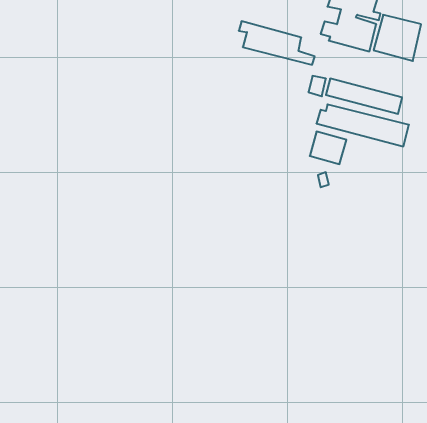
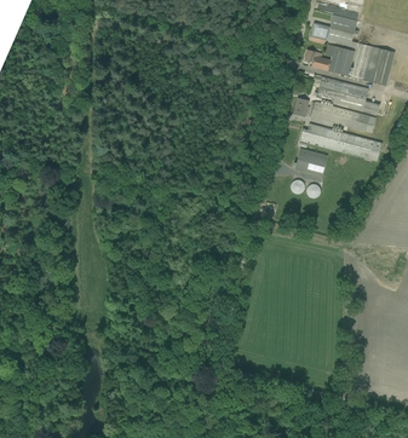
building: [239,21,315,65] -> [312,74,380,113]

